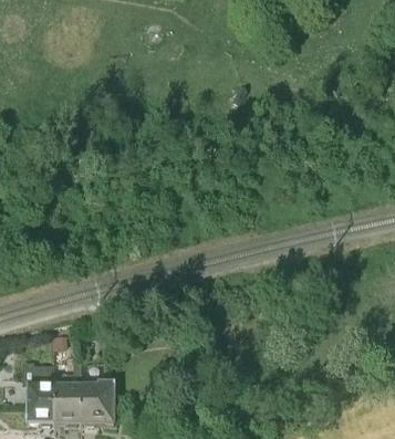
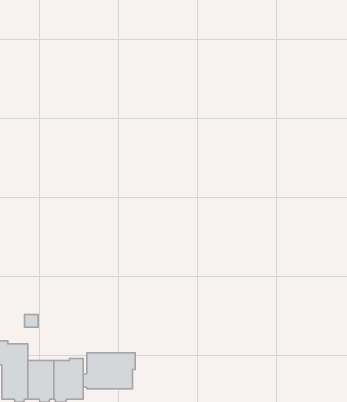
building: none -> [83,353,135,389]

